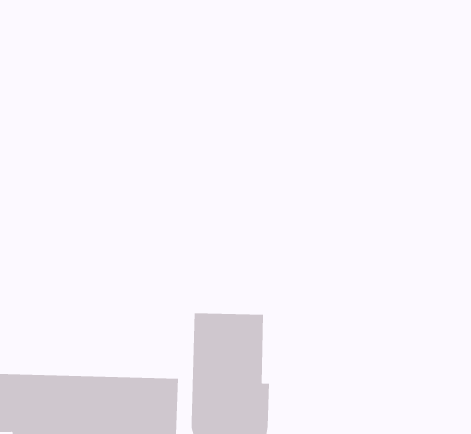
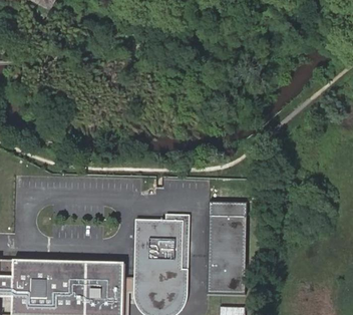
building: none -> [207,207,246,293]

